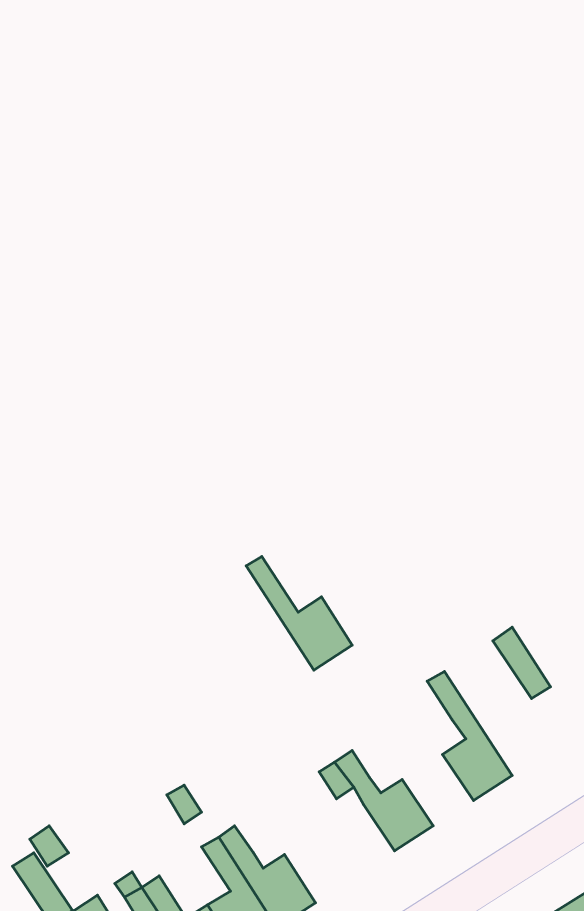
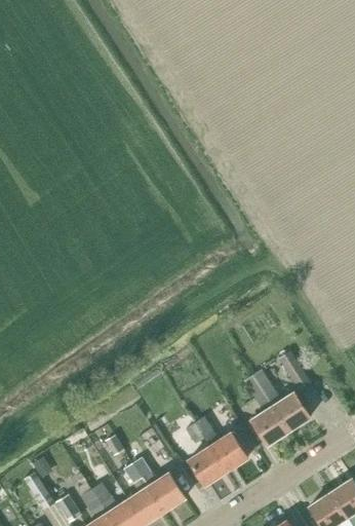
building: [246,556,352,670] -> [253,370,310,430]
building: none -> [189,446,227,485]

